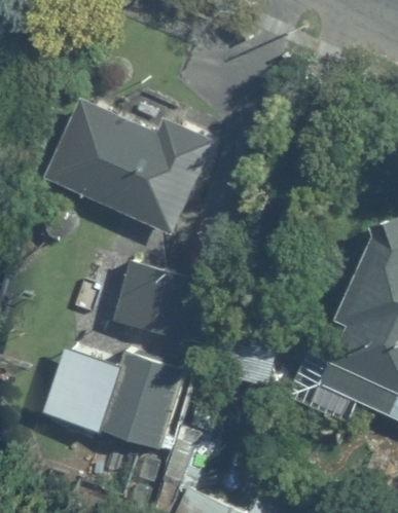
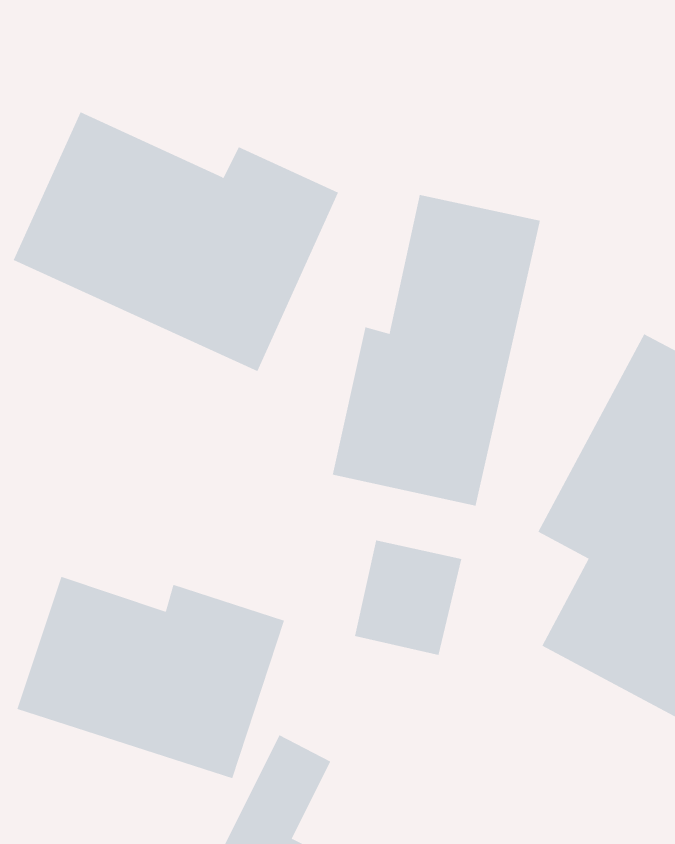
building: none -> [332,194,541,507]
building: [113,262,201,341] -> none

